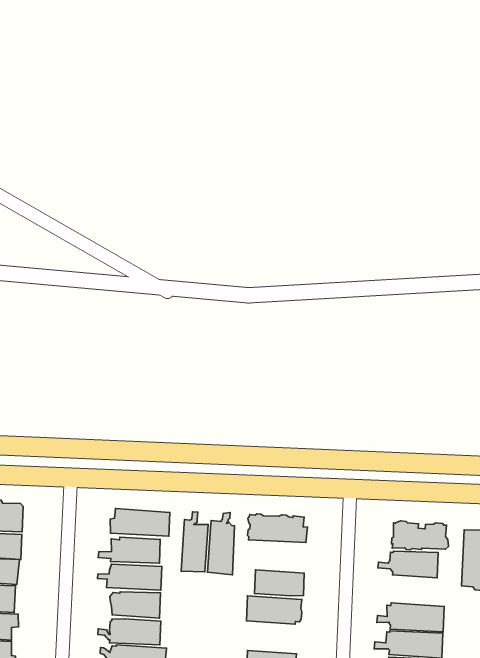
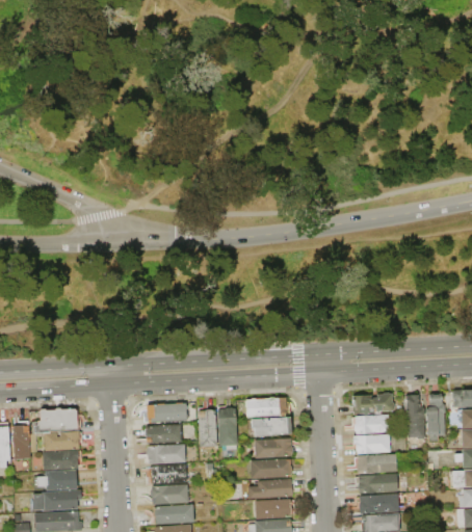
building: none -> [251,418,291,436]
building: none -> [346,434,390,454]
building: none -> [247,479,300,500]

